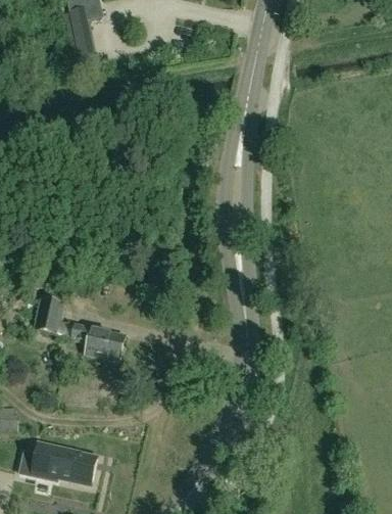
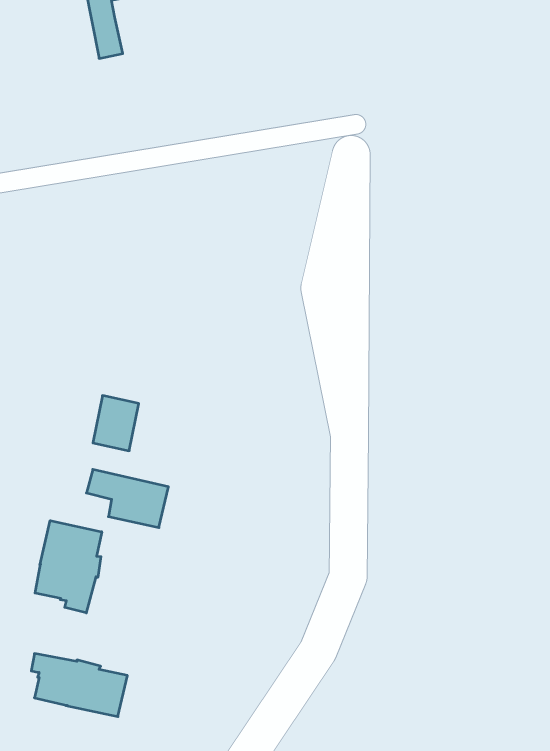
building: [34,298,63,334] -> [93,396,139,451]
building: none -> [35,521,102,613]

